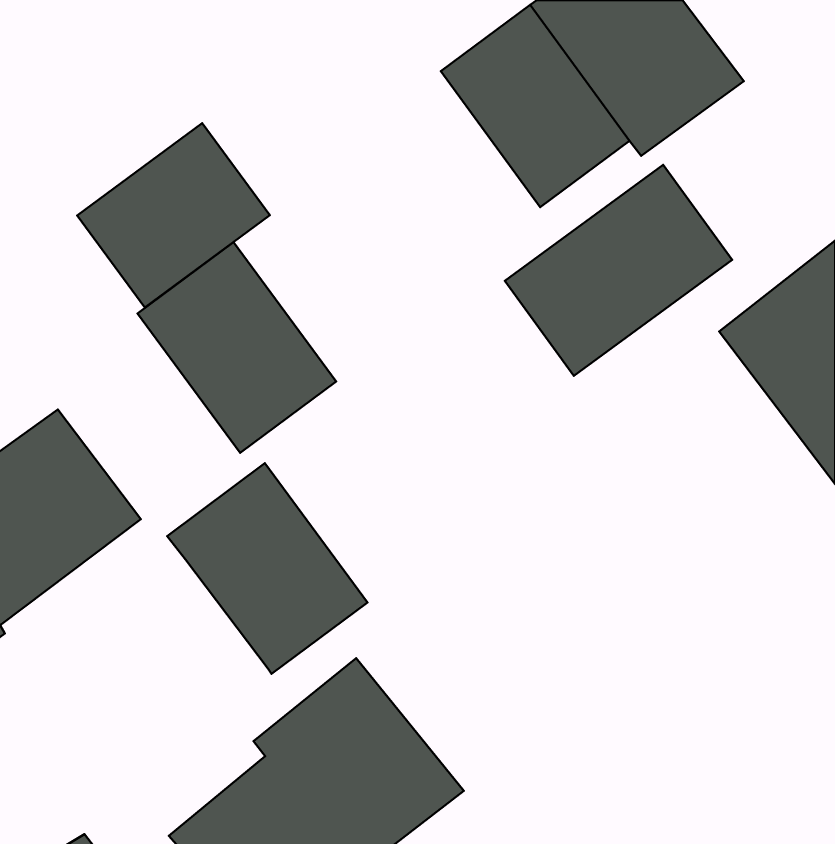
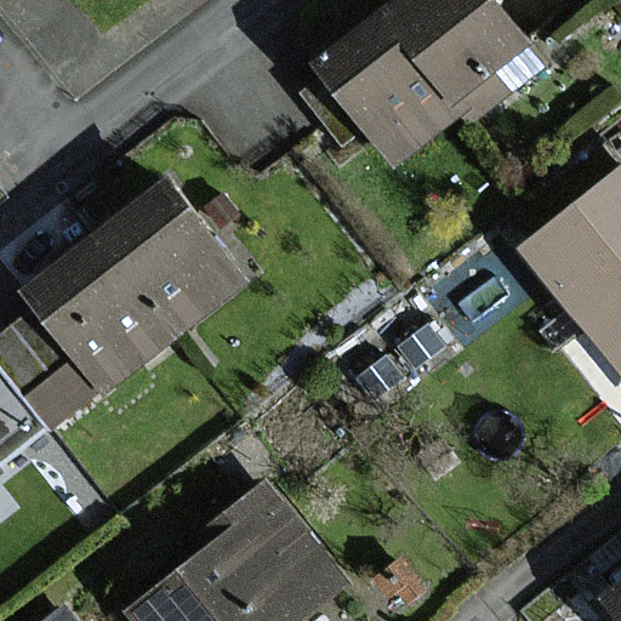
building: [77,123,270,308] -> none
building: [505,165,732,376] -> none
building: [167,463,368,674] -> [29,232,176,386]

